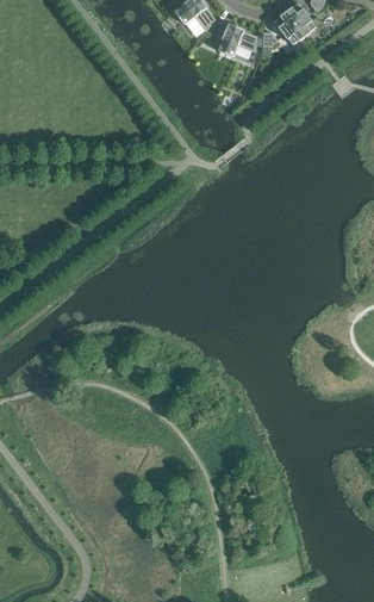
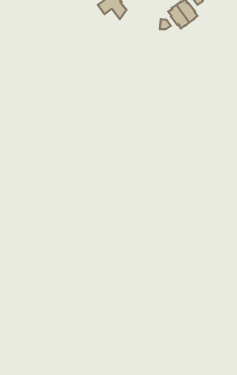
building: [212,20,256,56] -> none

